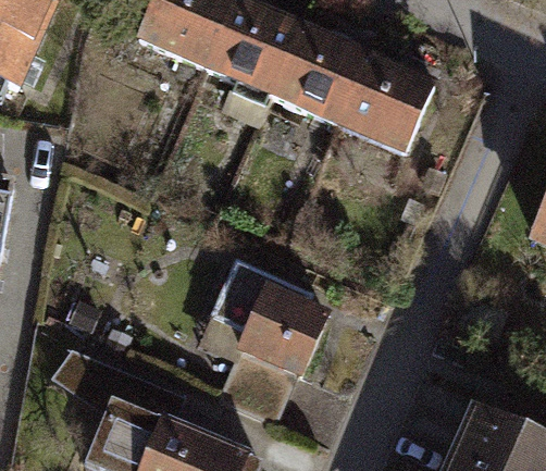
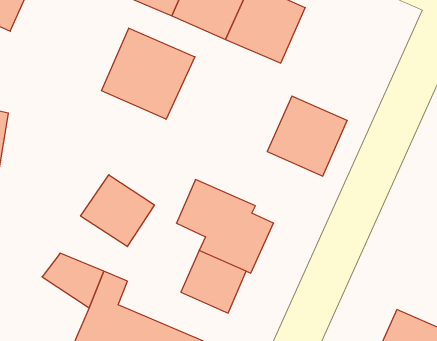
building: [337,55,433,151] -> [267,96,347,176]
building: none -> [102,28,195,119]
building: none -> [81,175,154,247]

